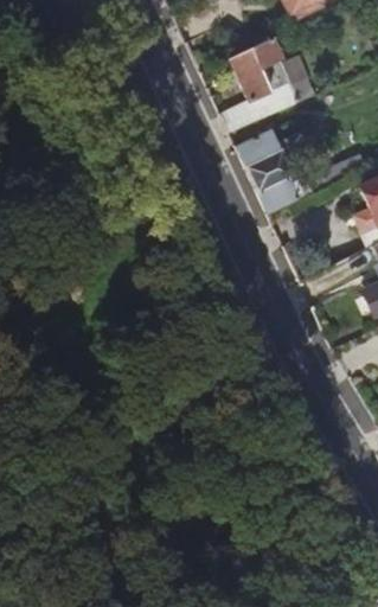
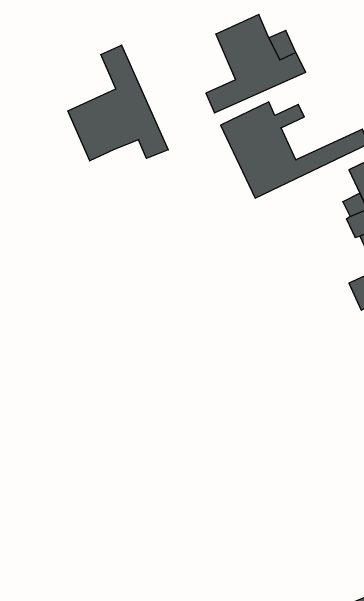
building: none -> [68,45,168,161]

